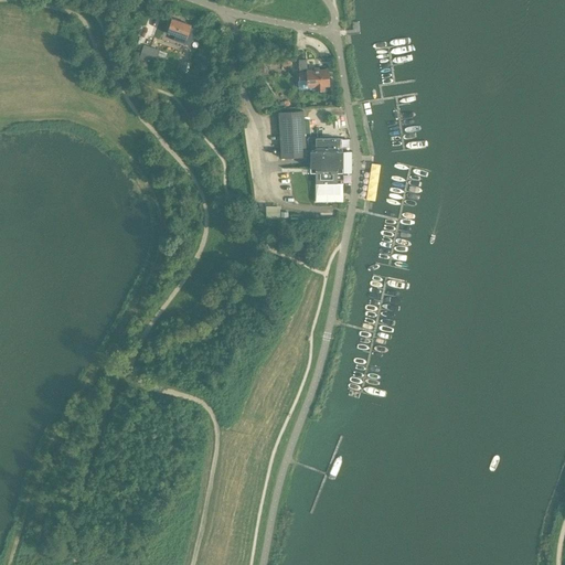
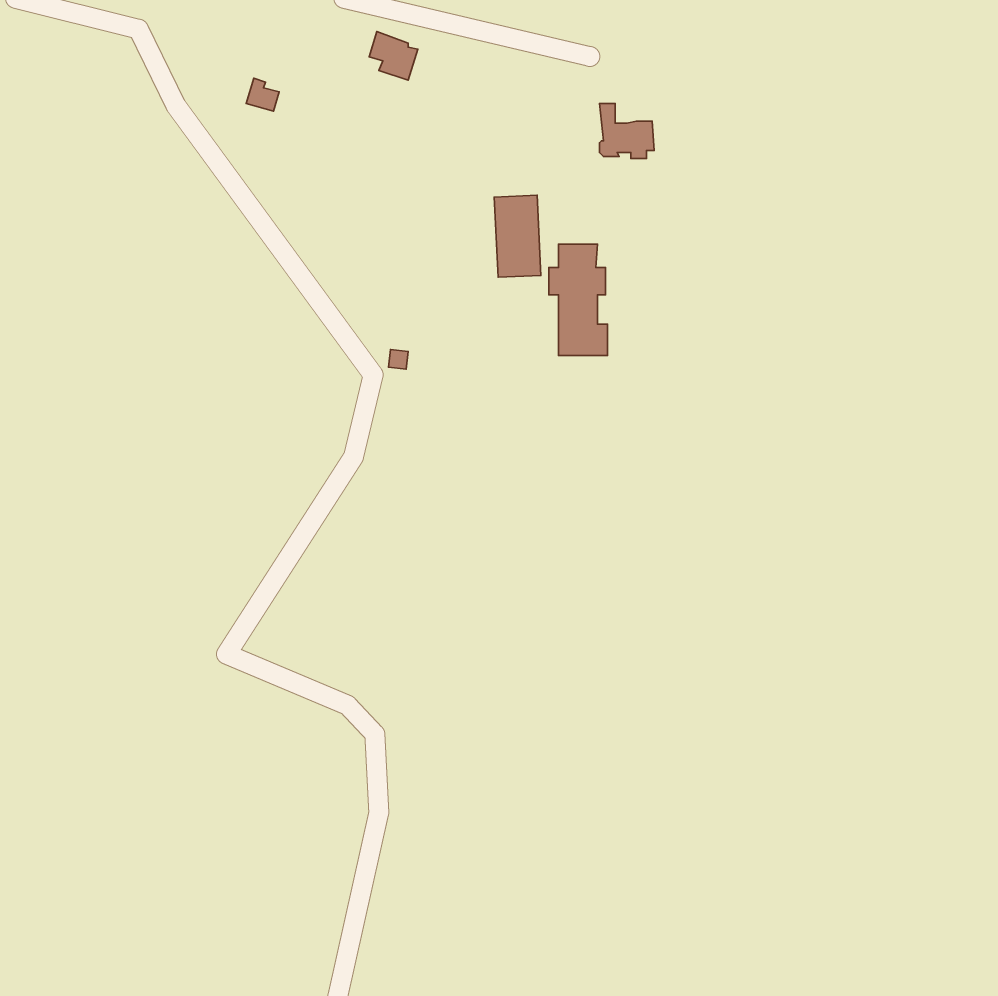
building: [168,18,195,45] -> [369,31,418,80]
building: [298,58,329,89] -> [600,104,654,158]

